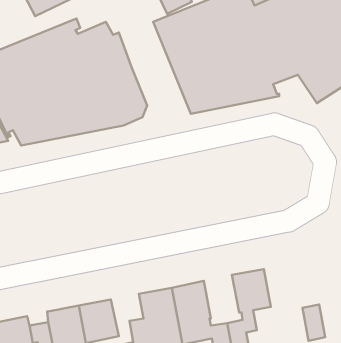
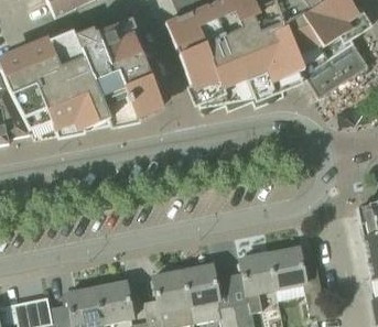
building: none -> [269,248,306,288]

